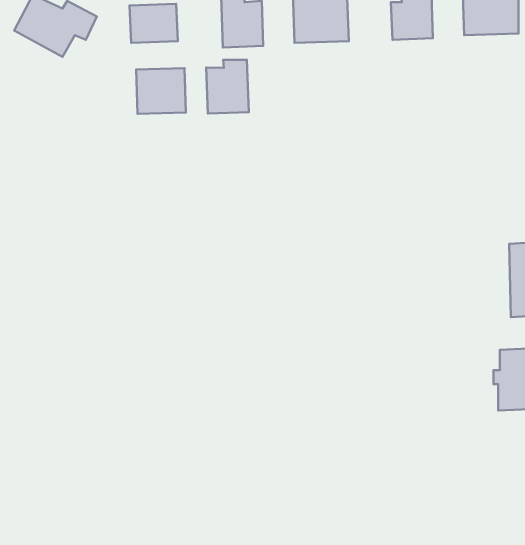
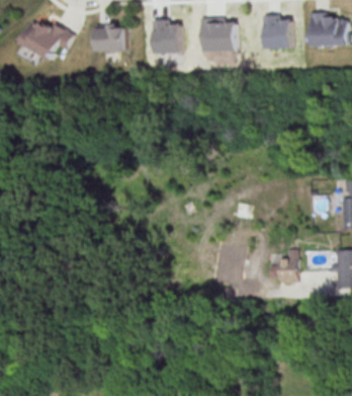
building: [206,60,249,113] -> none
building: [136,68,186,114] -> none
building: none -> [266,248,296,283]

